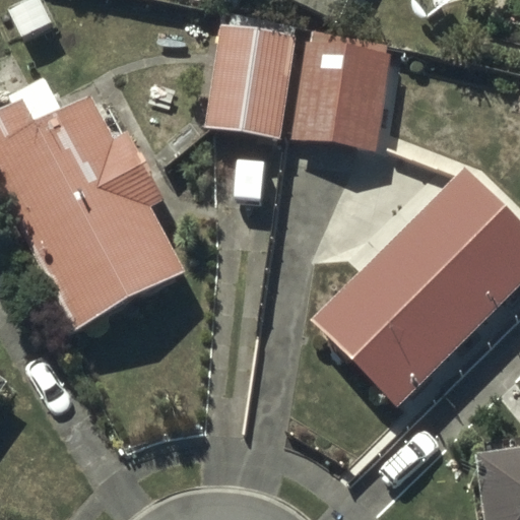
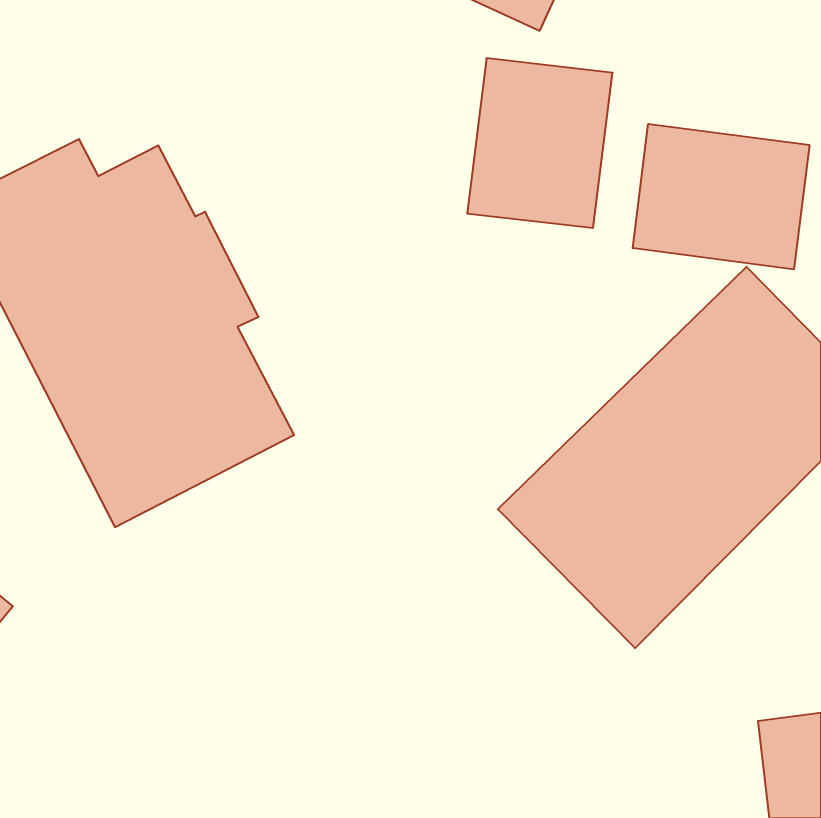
building: [206,14,292,135] -> none
building: none -> [633,124,809,269]

